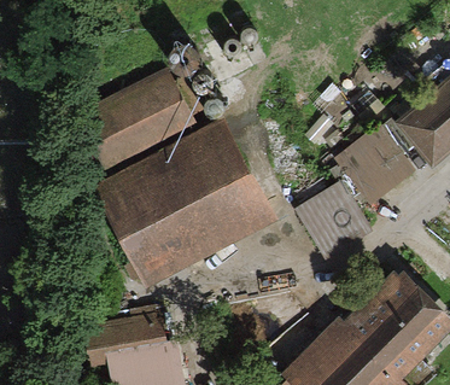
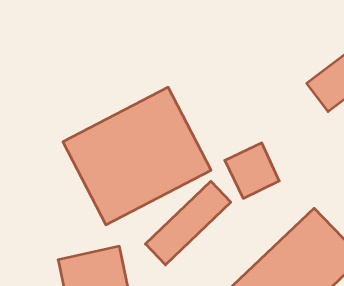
building: [87,84,189,170] -> none
building: [334,128,407,199] -> none
building: none -> [145,181,231,265]

